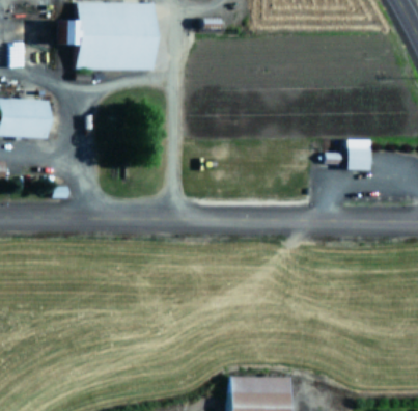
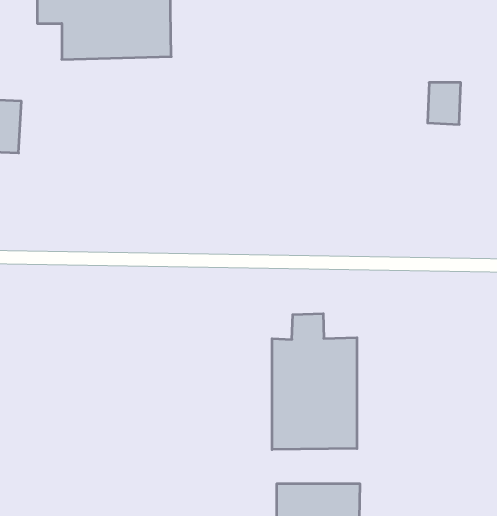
building: [349,140,372,170] -> [428,83,461,124]
building: none -> [272,314,357,450]

